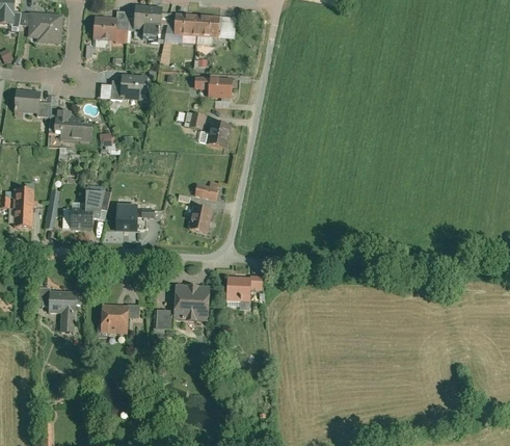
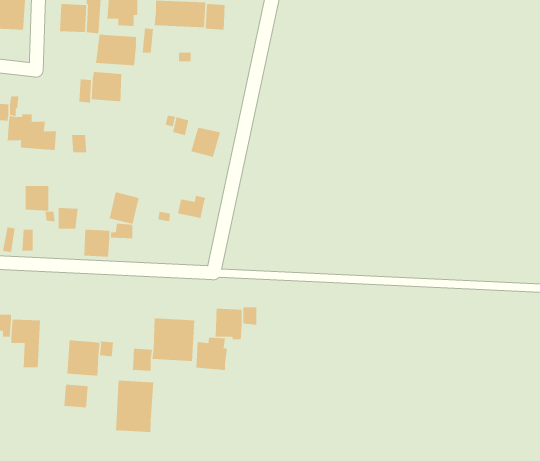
building: none -> [96,34,136,66]
building: [194,77,231,99] -> none
building: [186,206,212,234] -> [109,192,139,224]
building: [71,210,91,232] -> [25,186,49,211]
building: none -> [196,337,228,371]
building: none -> [115,380,154,433]
building: none -> [64,384,88,408]

